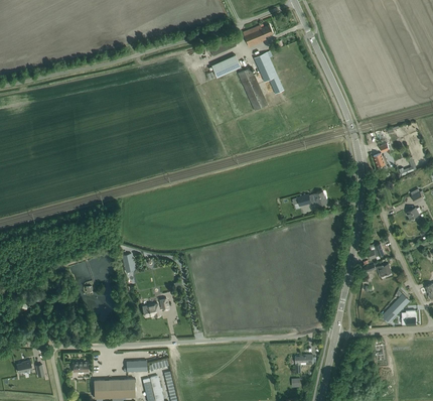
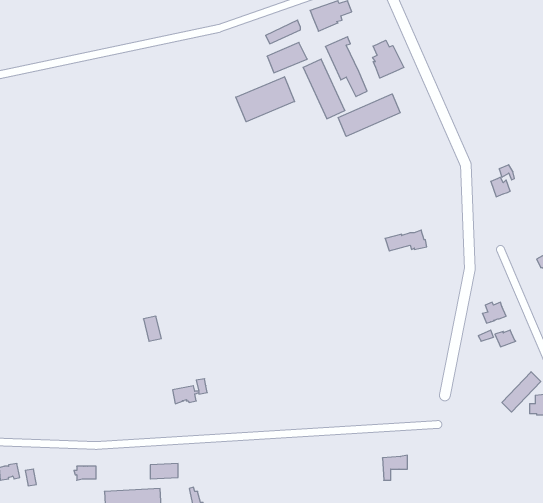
building: none -> [373,40,404,78]
building: none -> [236,77,295,122]
building: none -> [338,94,400,136]

